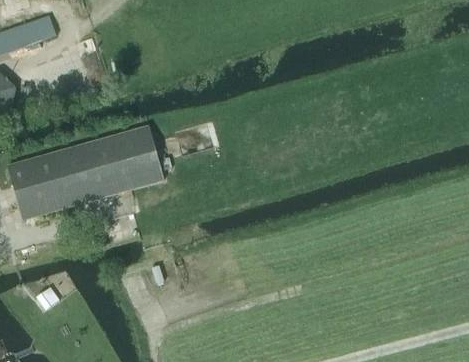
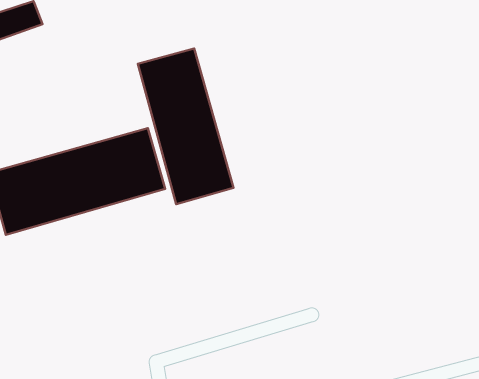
building: none -> [138,48,233,204]

